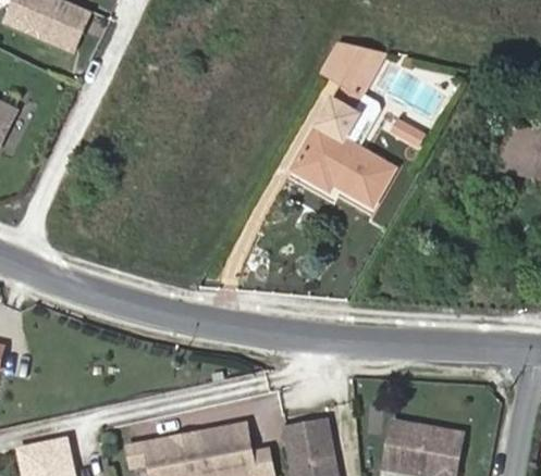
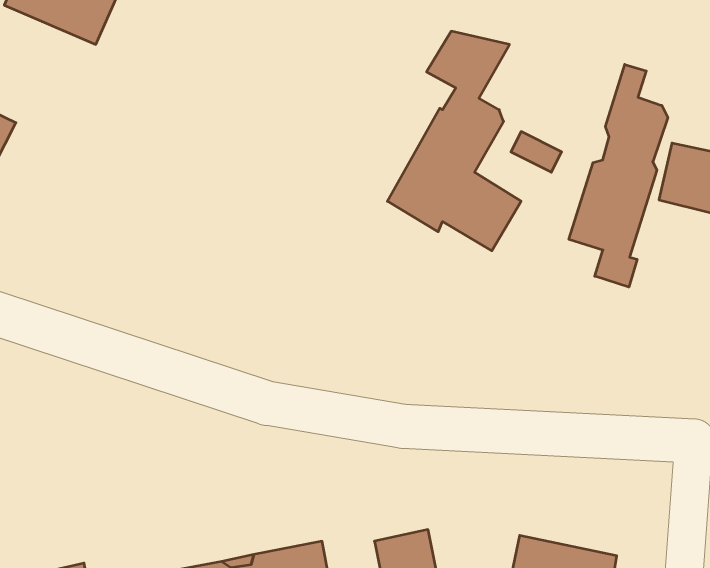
building: none -> [569,64,668,287]

